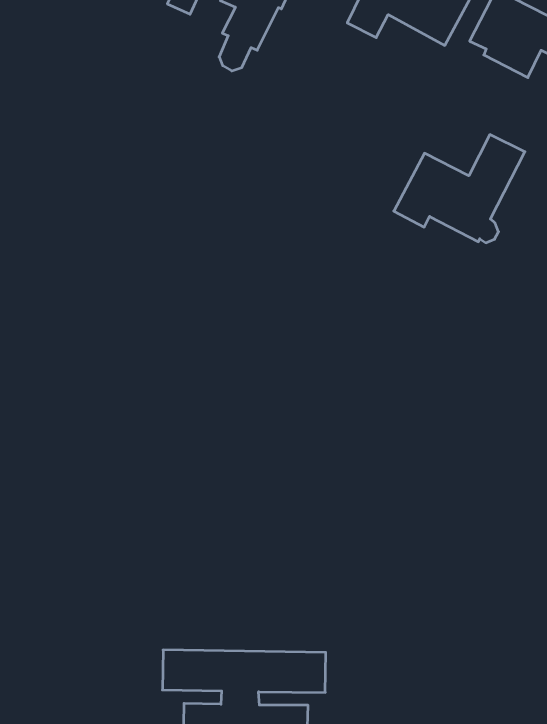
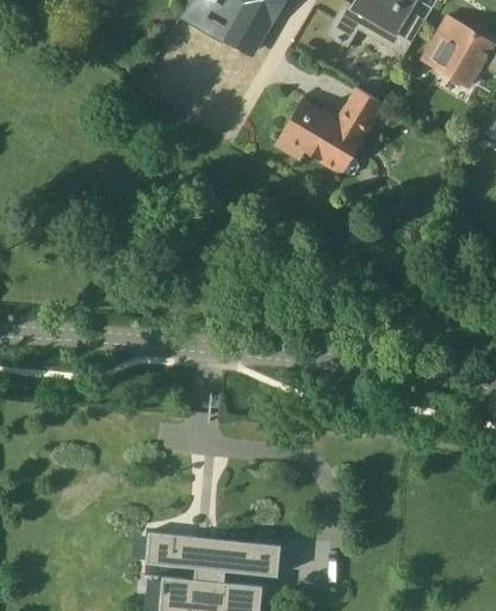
building: [394,135,525,243] -> [275,87,384,174]

